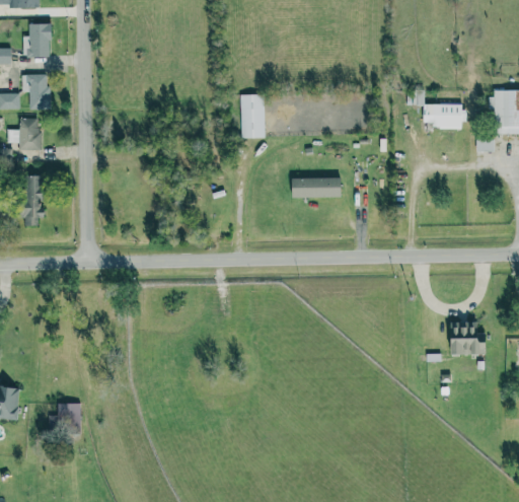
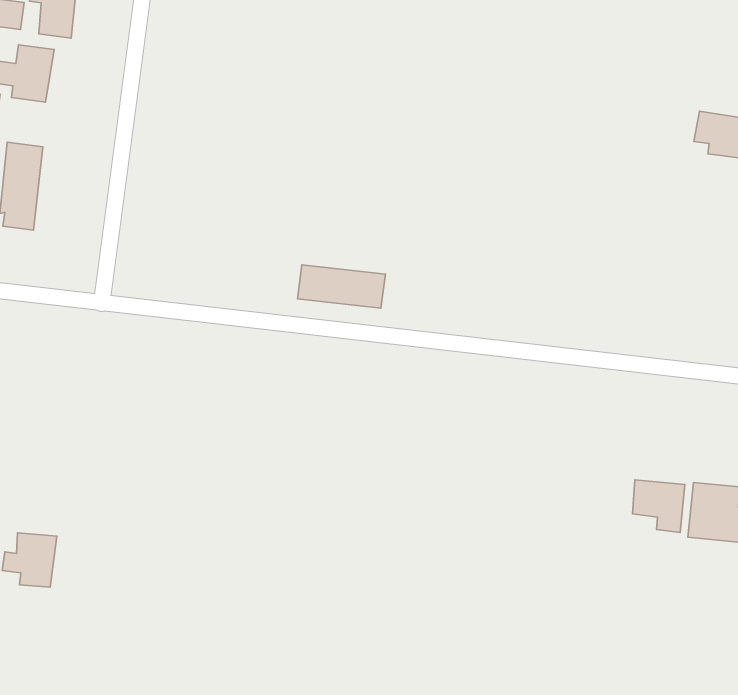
building: [240,93,265,138] -> none
building: [291,176,341,198] -> [297,265,385,308]
building: none -> [632,480,685,533]

